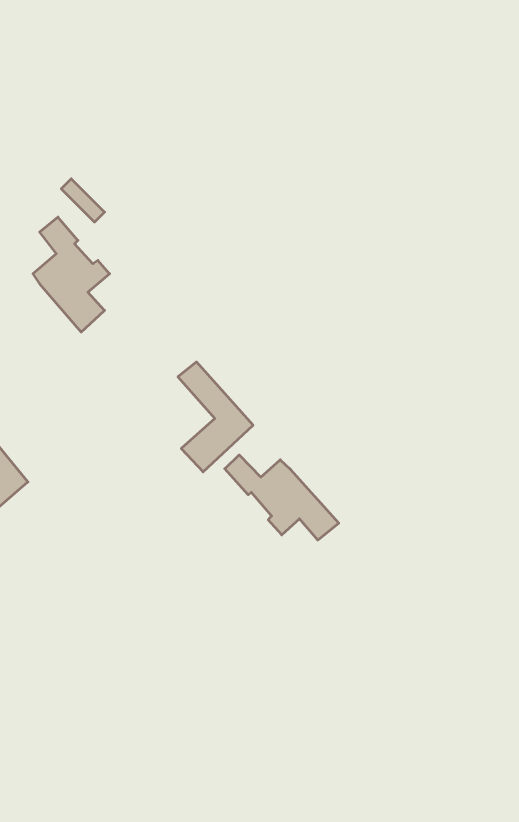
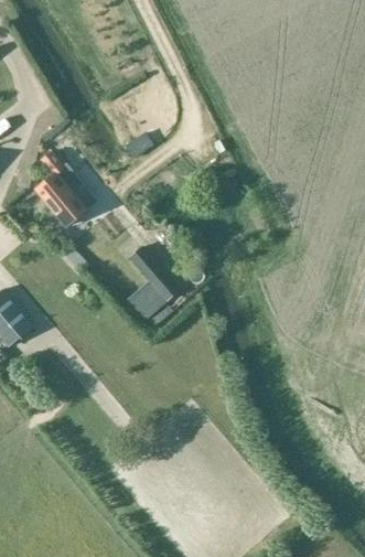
building: [225,455,339,540] -> none

